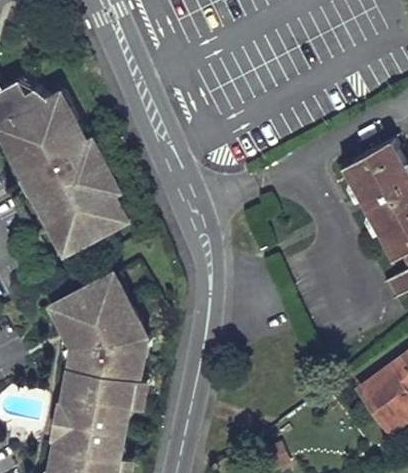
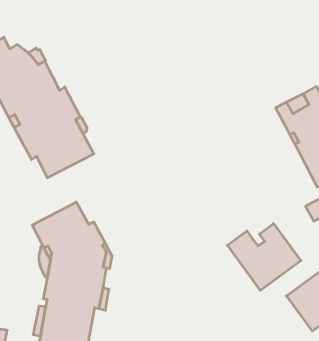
building: none -> [227,224,301,290]

